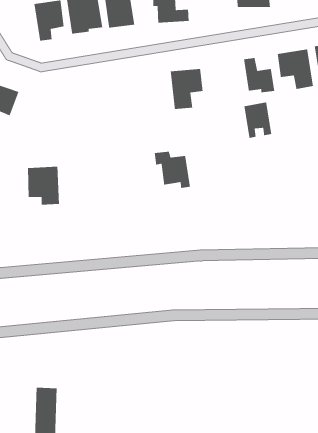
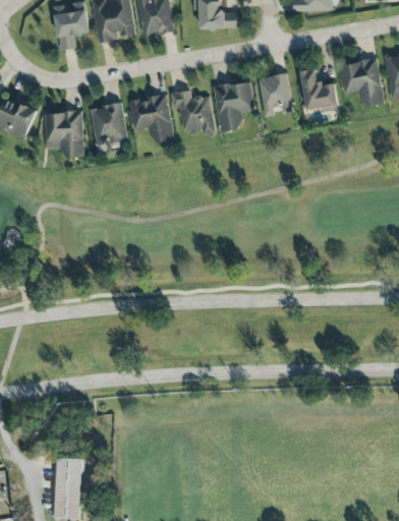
building: none -> [129,94,172,143]
building: none -> [92,104,125,149]
building: [244,102,272,139] -> [259,73,292,117]
building: [154,151,191,189] -> [171,91,215,135]
building: [27,166,60,205] -> [45,111,83,158]

